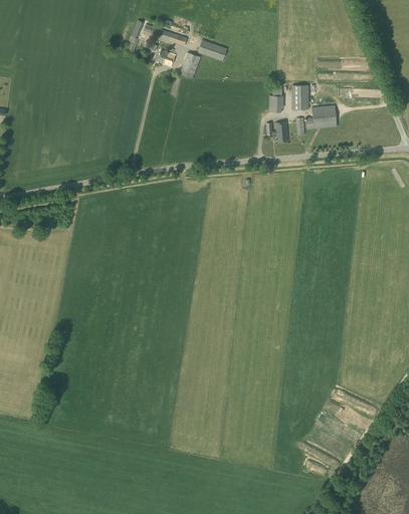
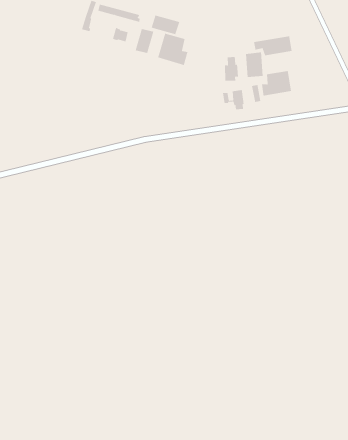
building: none -> [158,33,188,66]
building: none -> [254,36,292,56]

